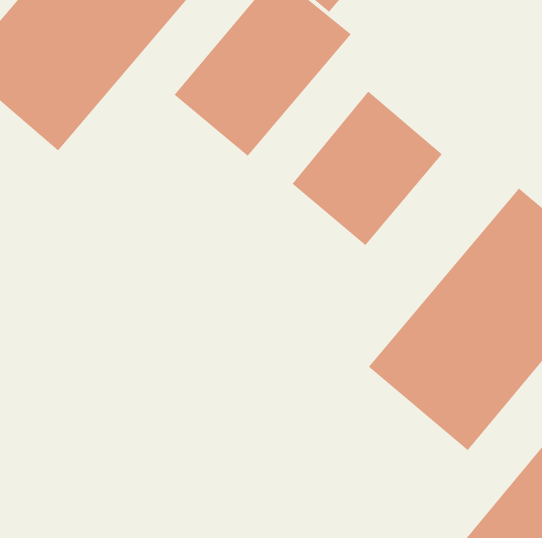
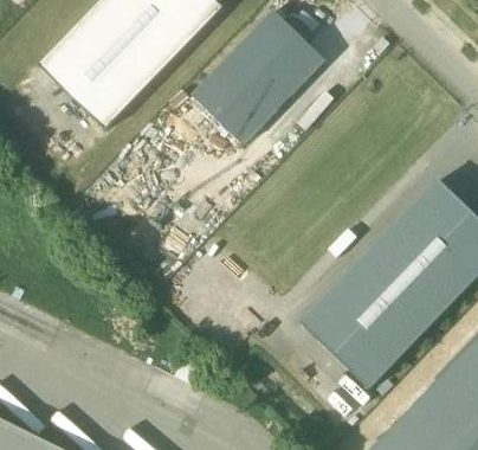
building: [291,91,443,246] -> none
building: none -> [301,302,388,388]

